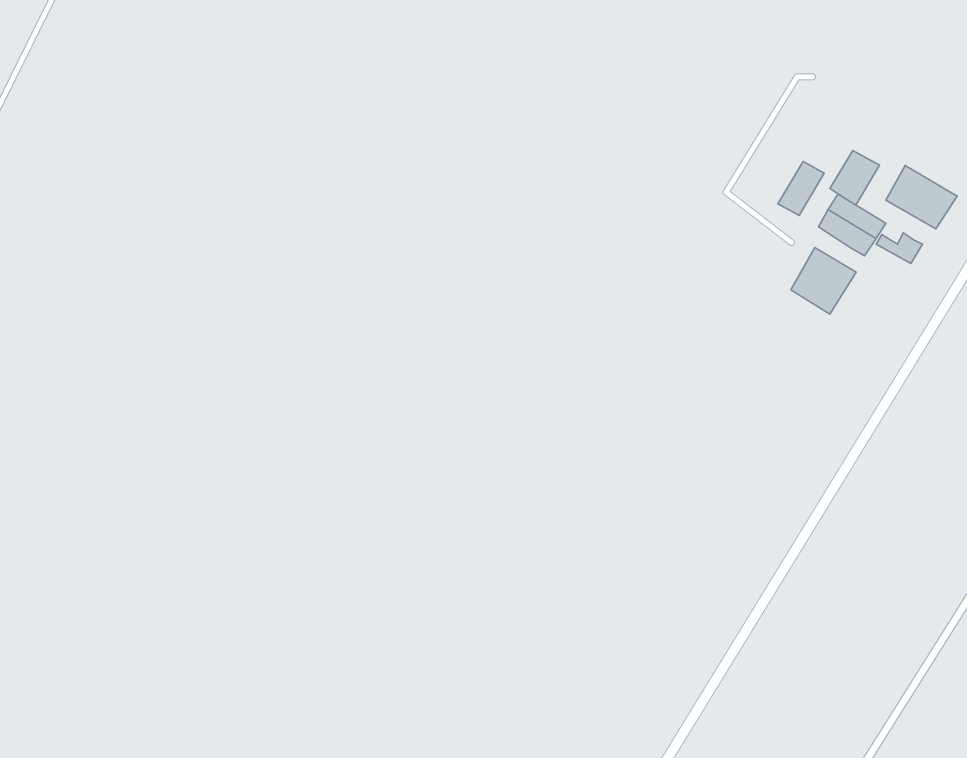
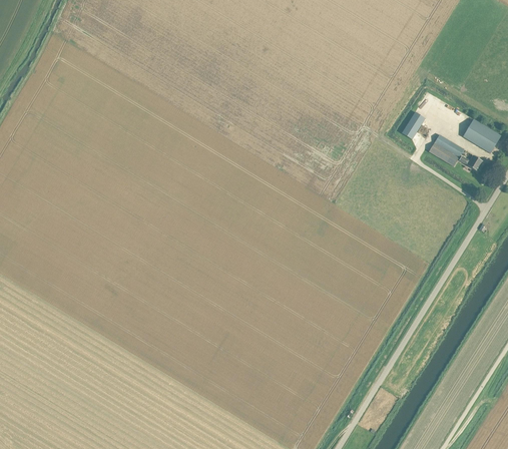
building: [830,151,880,205] -> none
building: [791,247,856,314] -> none

